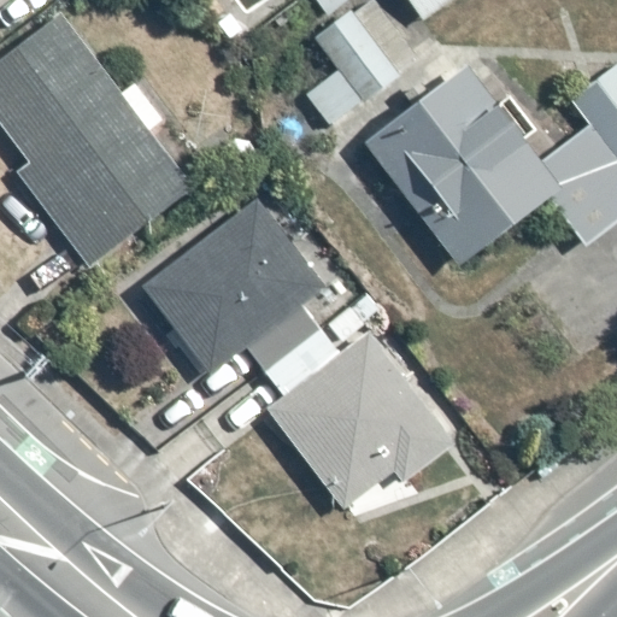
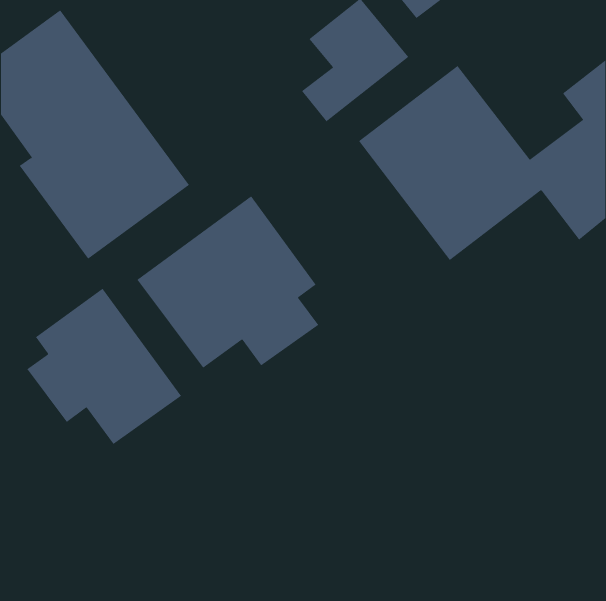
building: none -> [27,288,182,445]
building: [265,330,453,509] -> none

